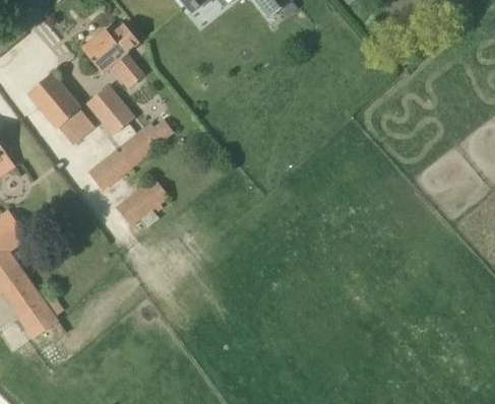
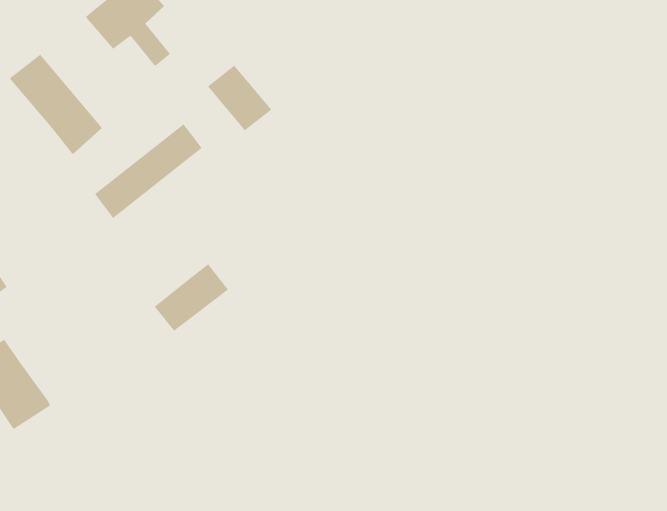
building: [87,86,133,133] -> [207,65,272,131]
building: [116,178,169,225] -> [154,263,229,331]

